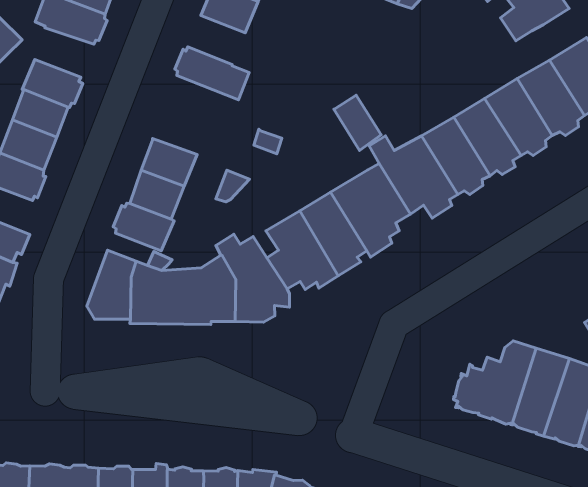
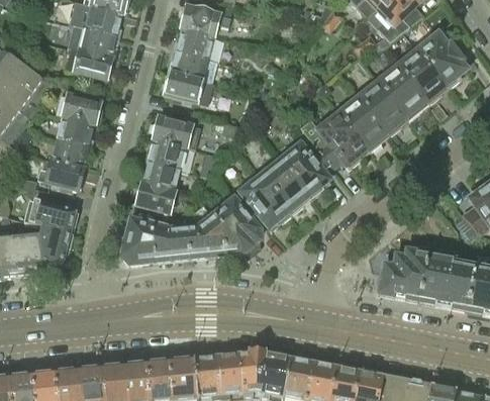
building: none -> [170,51,207,81]
building: [334,95,381,150] -> none
building: none -> [152,116,200,146]

